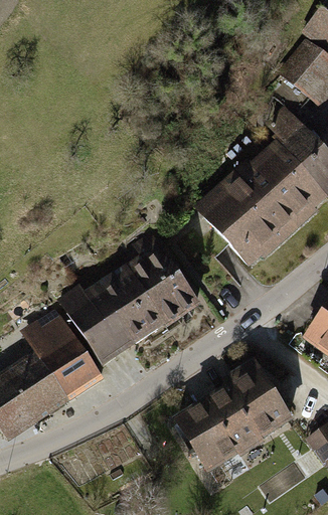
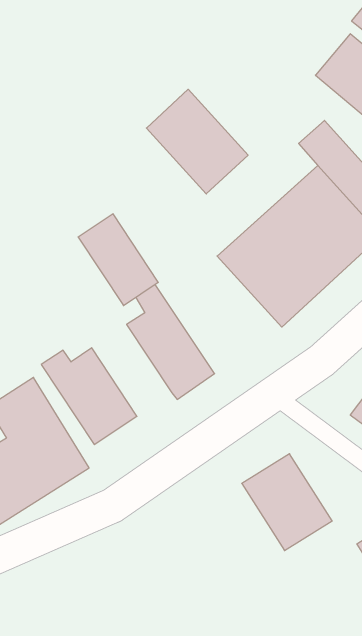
building: none -> [146,89,248,194]
building: [103,266,165,337] -> [78,214,158,306]
building: [176,389,253,470] -> none

